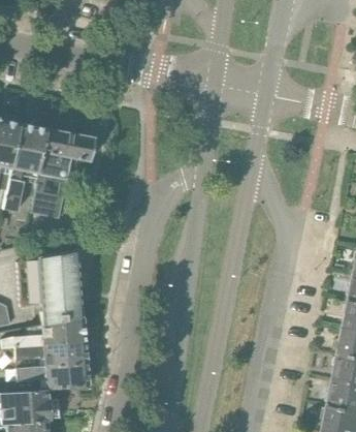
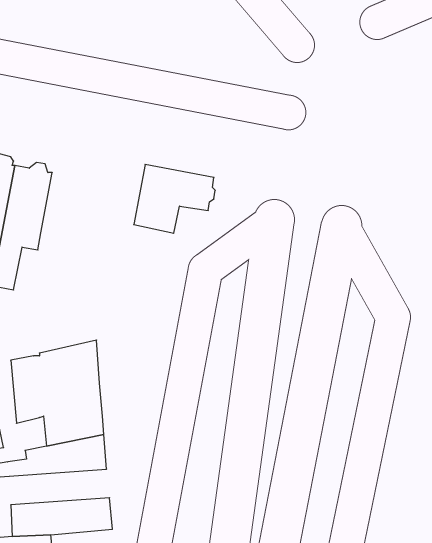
building: [37,127,96,177] -> [134,164,215,233]
building: [30,189,63,216] -> none
building: [14,341,87,367] -> none

